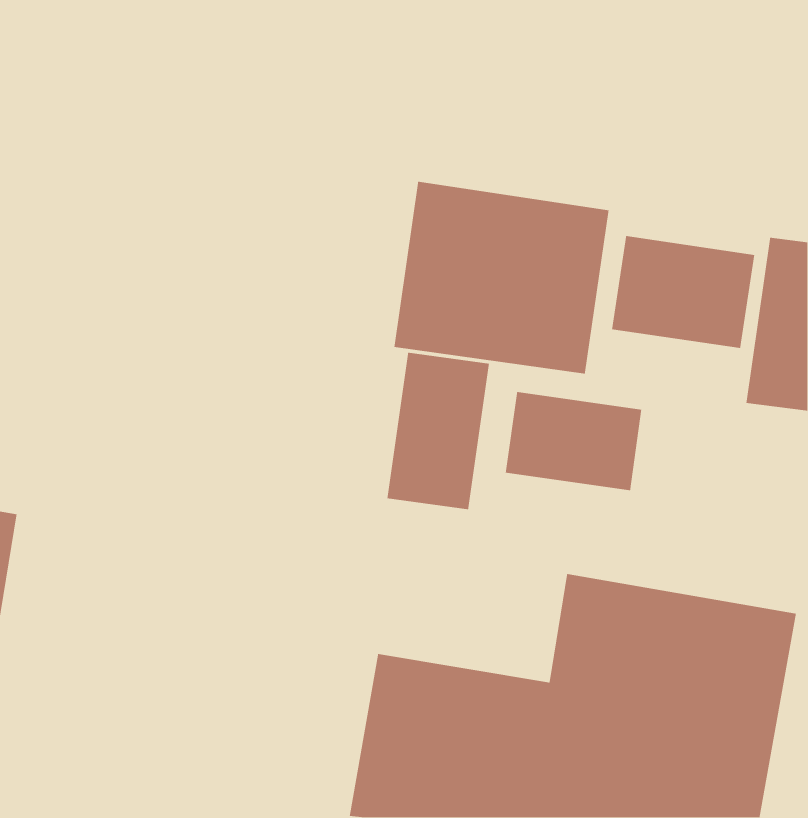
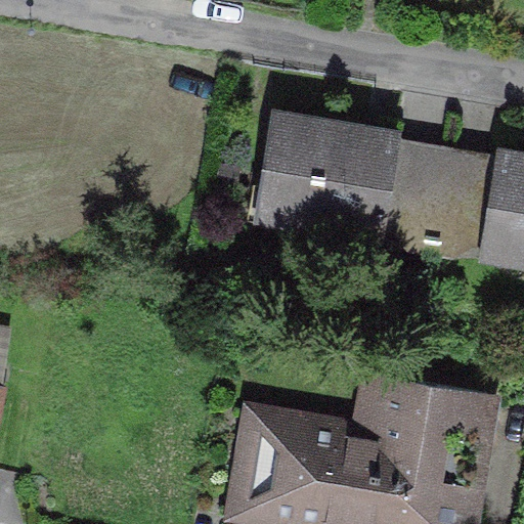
building: [386,352,490,510] -> none
building: [505,391,642,491] -> none

